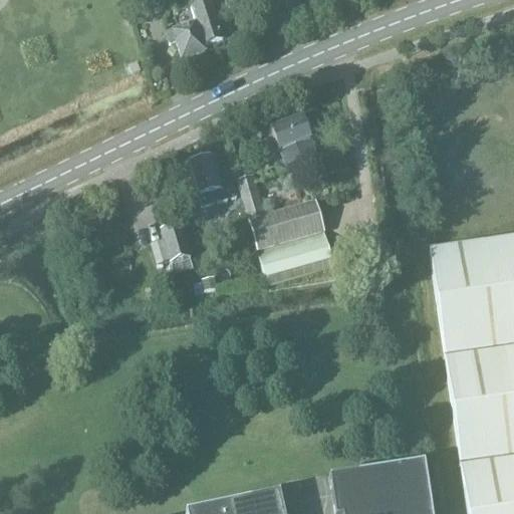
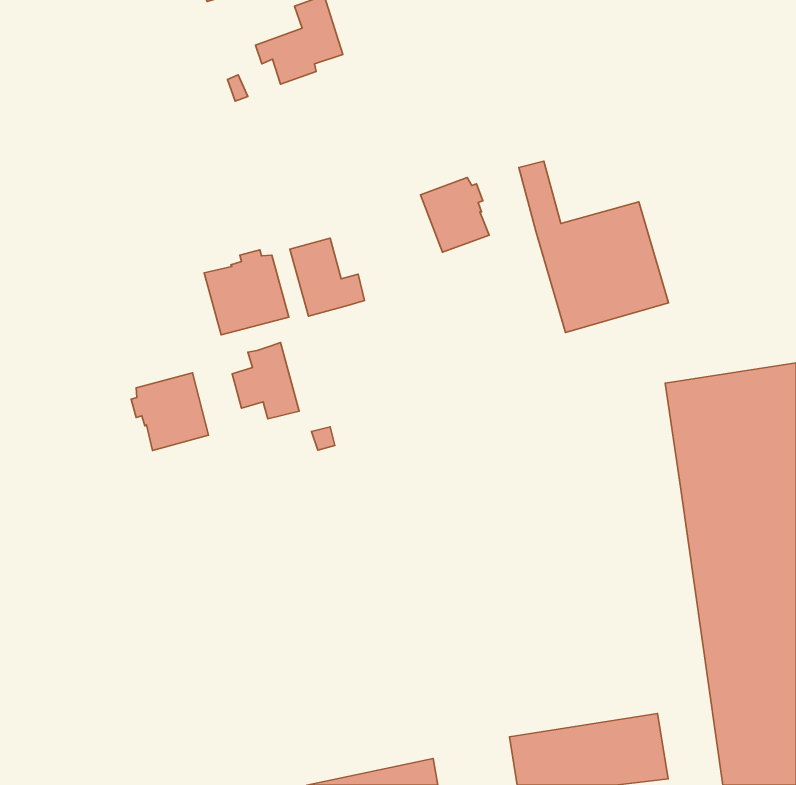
building: none -> [204,250,289,335]
building: [237,173,333,283] -> [519,161,668,333]
building: none -> [131,373,209,450]

